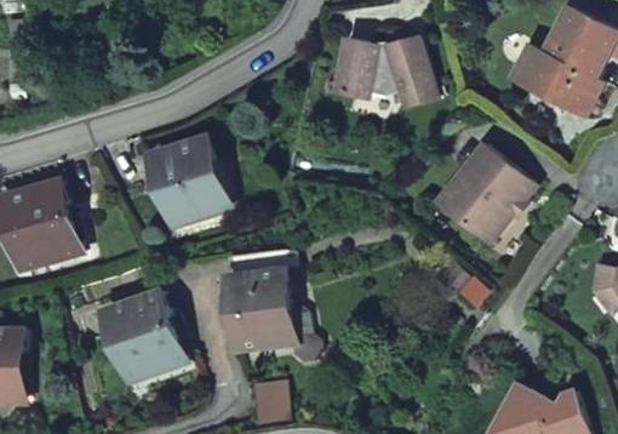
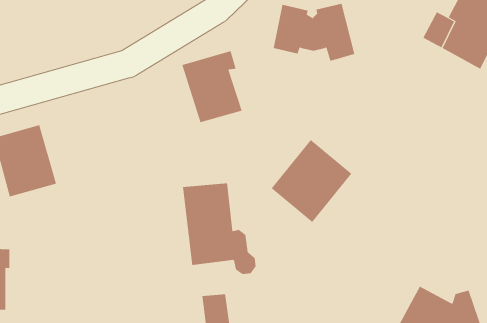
building: [149,139,222,225] -> [181,51,242,123]
building: [436,144,533,244] -> [271,139,352,223]
building: [103,293,184,379] -> none

